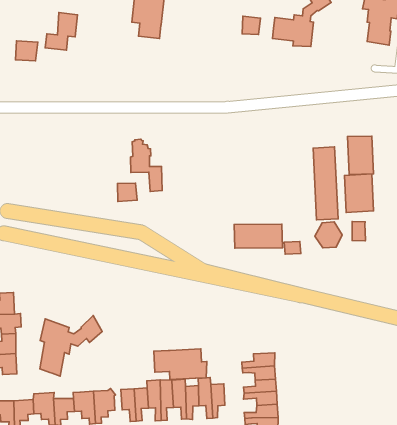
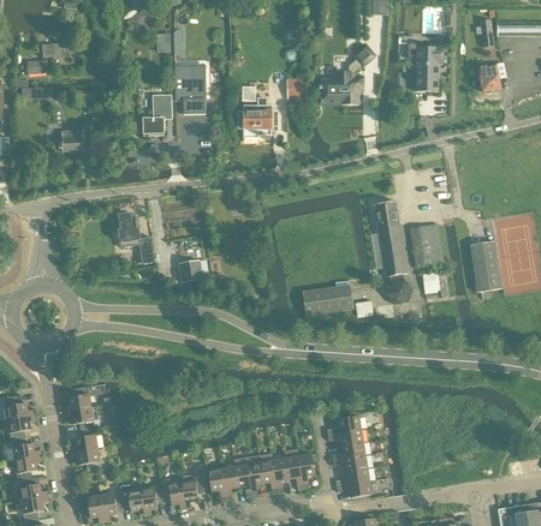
building: [45,12,78,50] -> [142,94,171,131]
building: none -> [237,96,275,136]
building: [348,136,373,174] -> none
building: [130,139,162,191] -> [118,211,154,263]
building: [40,316,102,376] -> none
building: [154,349,207,380] -> none

